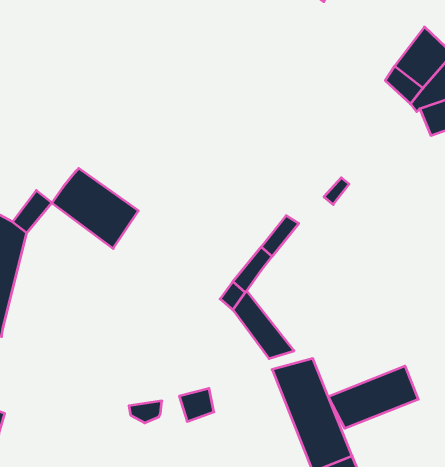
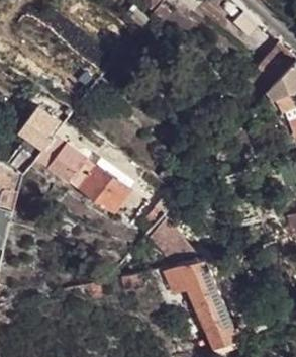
building: none -> [18,102,59,147]
building: none -> [76,162,128,212]
building: [328,366,418,428] -> none

